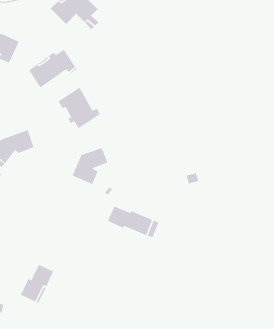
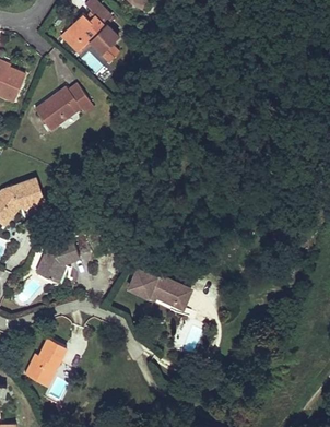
building: [58,87,101,129] -> none
building: [72,147,109,185] -> [36,238,80,283]

